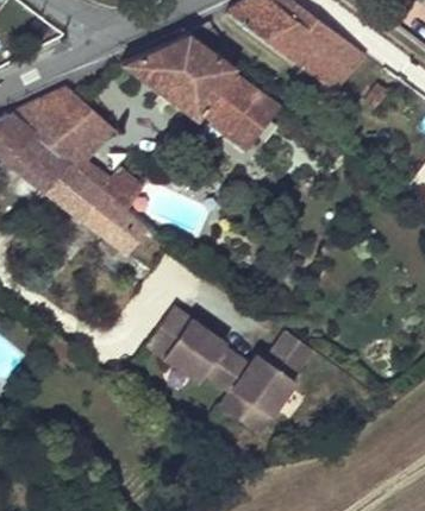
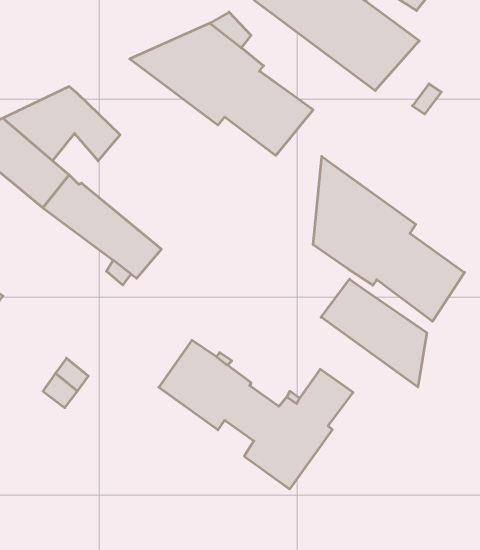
building: [54,127,143,210] -> none
building: none -> [313,156,465,321]
building: none -> [321,279,427,387]

